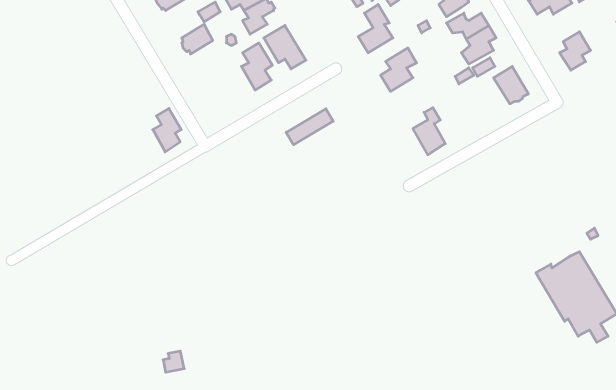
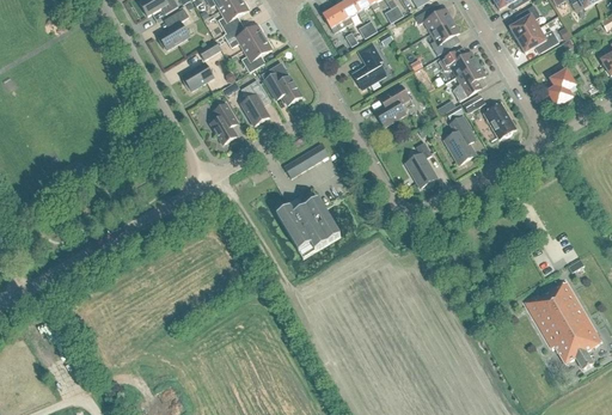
building: none -> [445,114,477,163]
building: [153,108,181,152] -> [210,102,238,144]
building: none -> [276,196,341,256]

